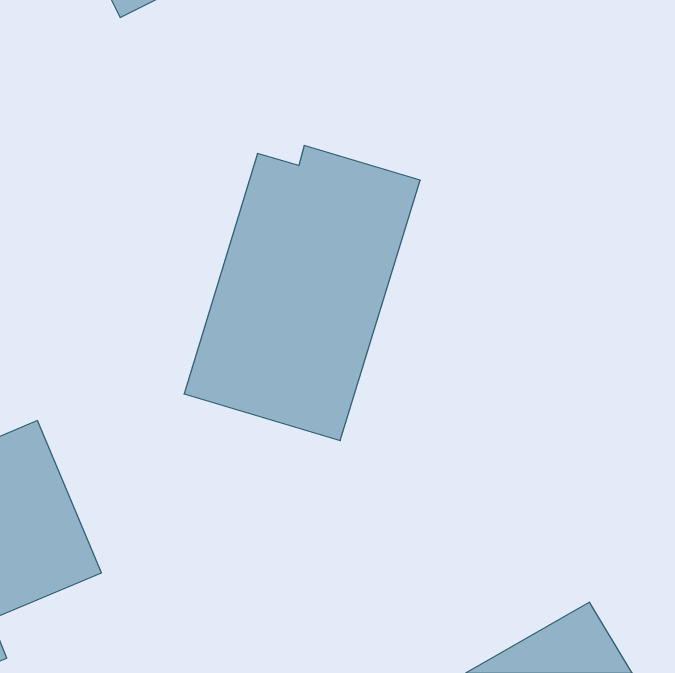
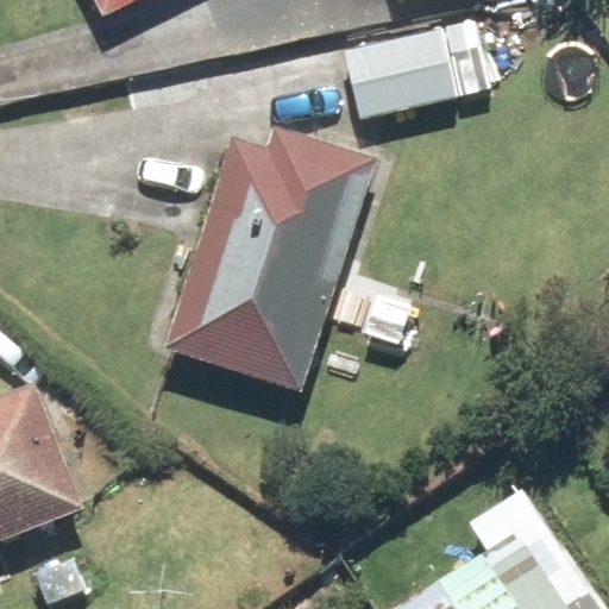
building: none -> [339,25,457,114]

